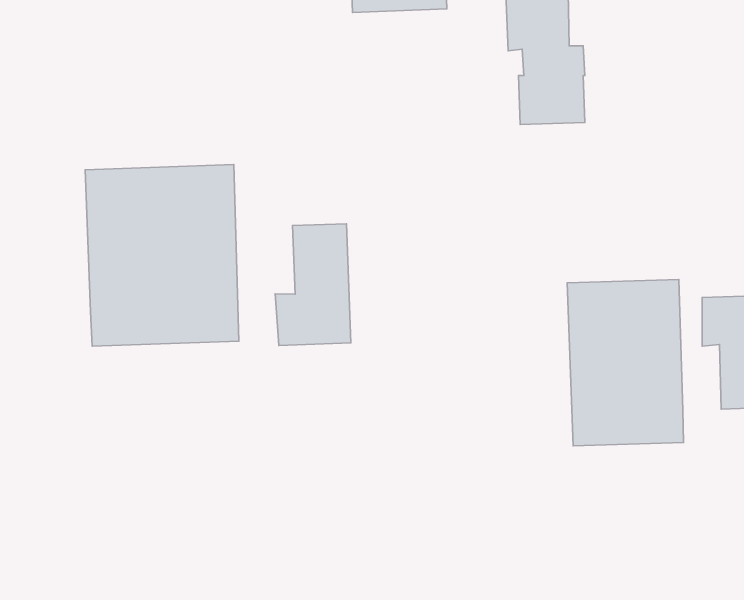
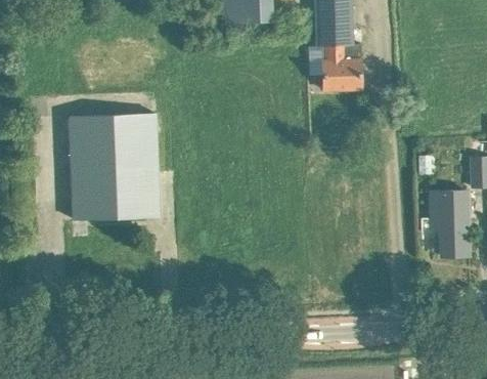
building: [275,224,351,346] -> none
building: [567,279,684,446] -> none

